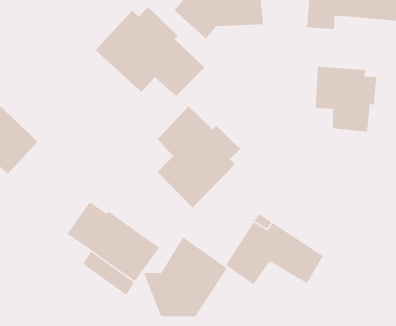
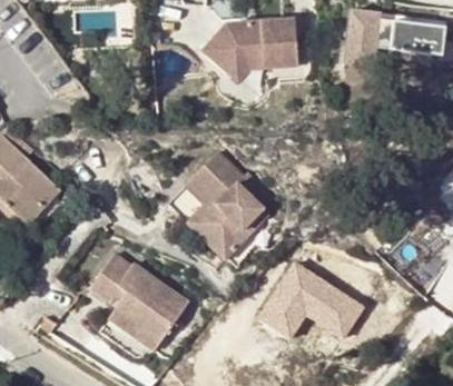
building: [95,6,205,97] -> none
building: [315,66,377,132] -> none
building: [143,236,228,317] -> none

